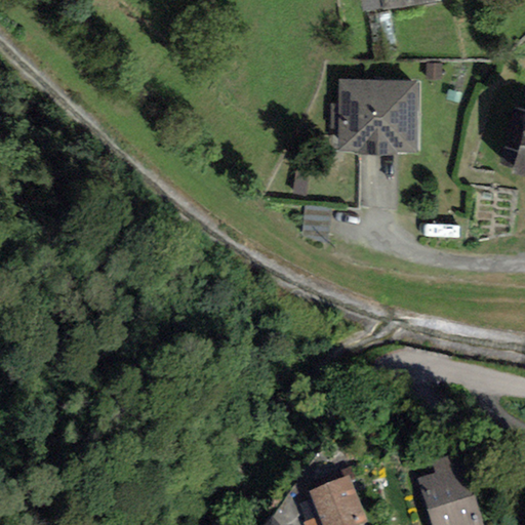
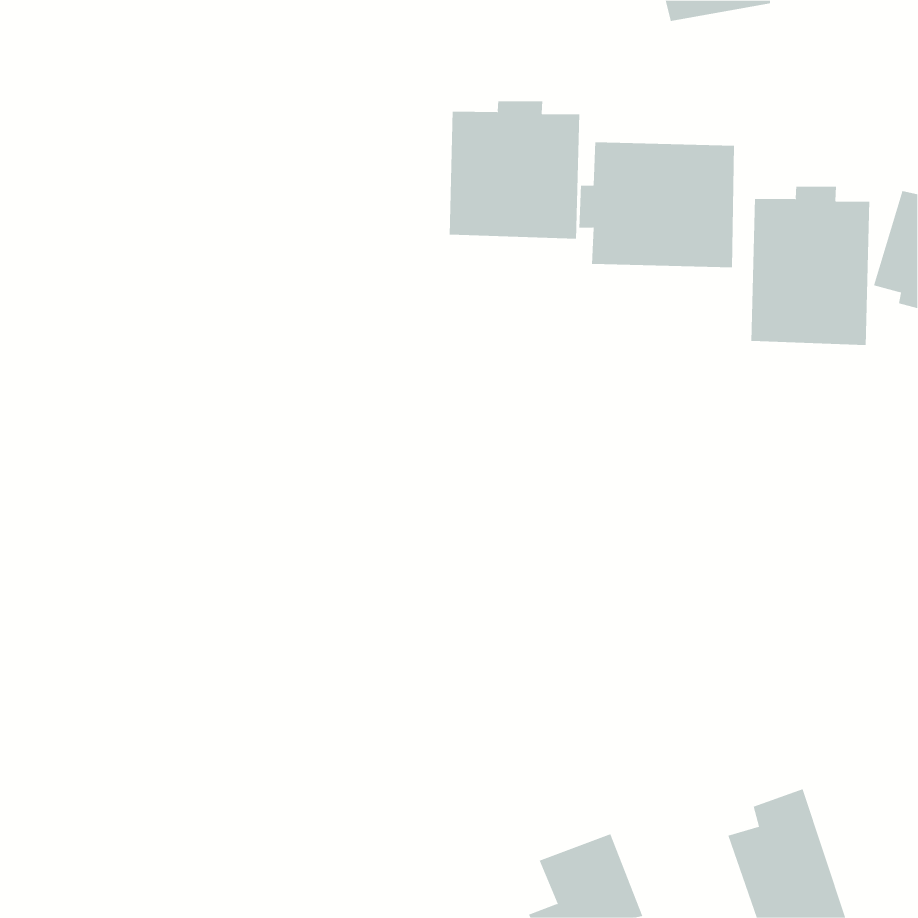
building: none -> [449,100,580,240]
building: none -> [751,186,870,346]

